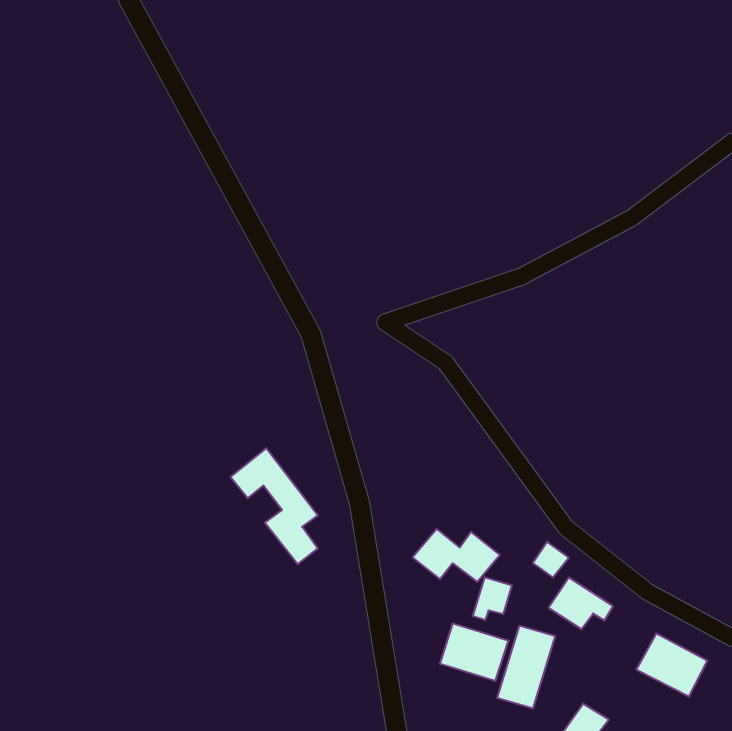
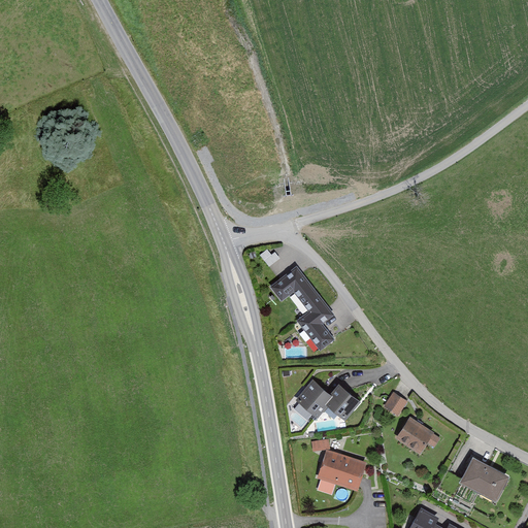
building: [231,448,318,564] -> [271,266,334,350]
building: [473,577,512,620] -> none
building: [497,626,555,708] -> none

